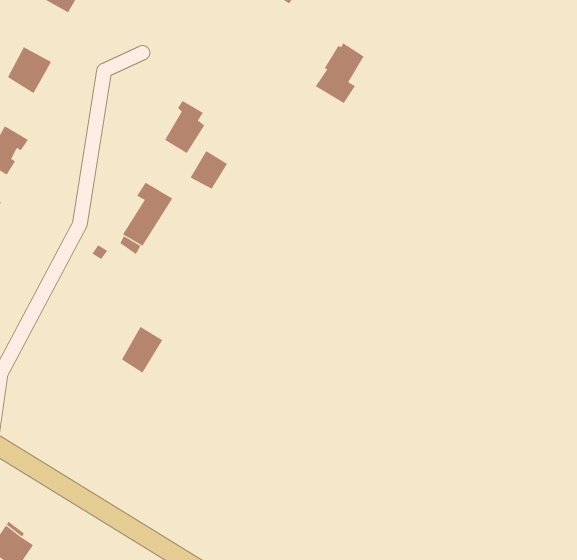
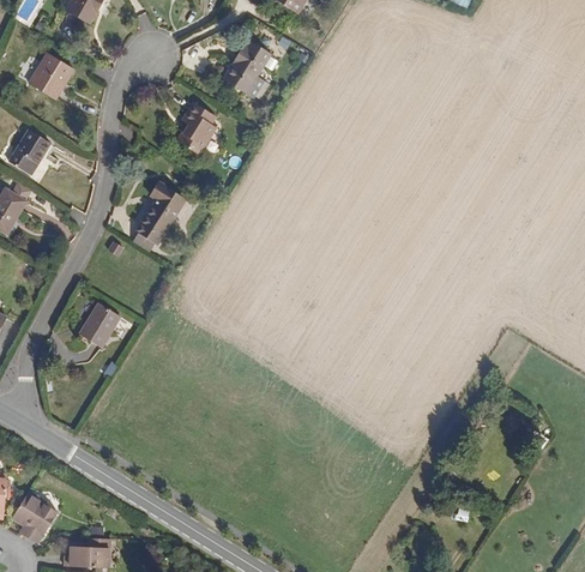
building: [315,43,365,104] -> [224,37,271,95]
building: [190,150,228,189] -> none
building: [121,326,163,374] -> [80,300,120,344]

